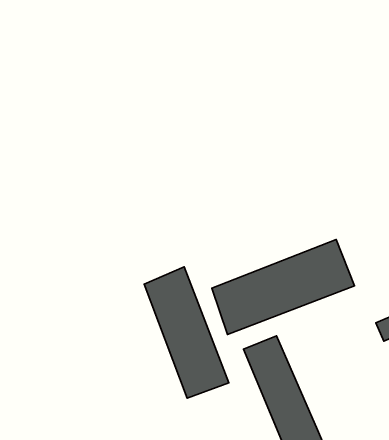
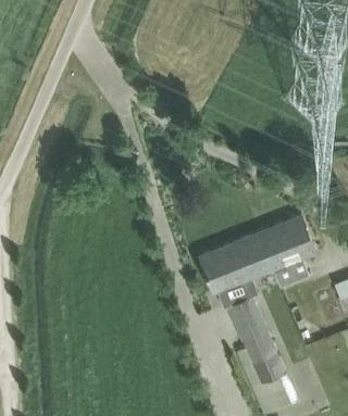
building: [144,267,229,398] -> none

